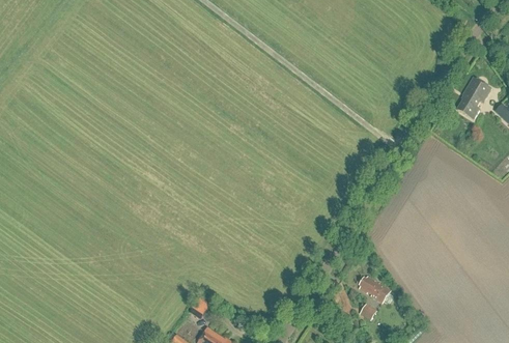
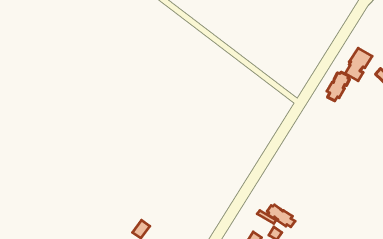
building: none -> [327,72,350,101]

